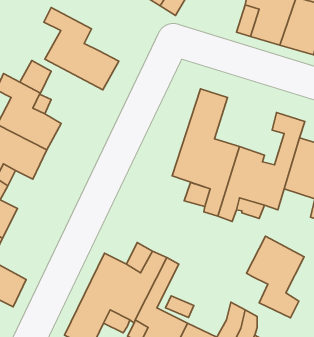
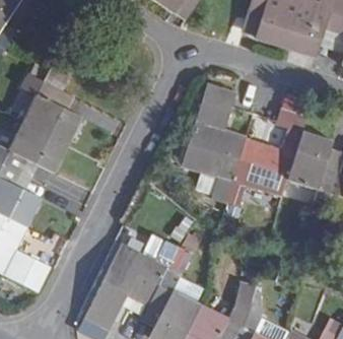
building: [44,7,119,90] -> none
building: [246,236,304,318] -> none

